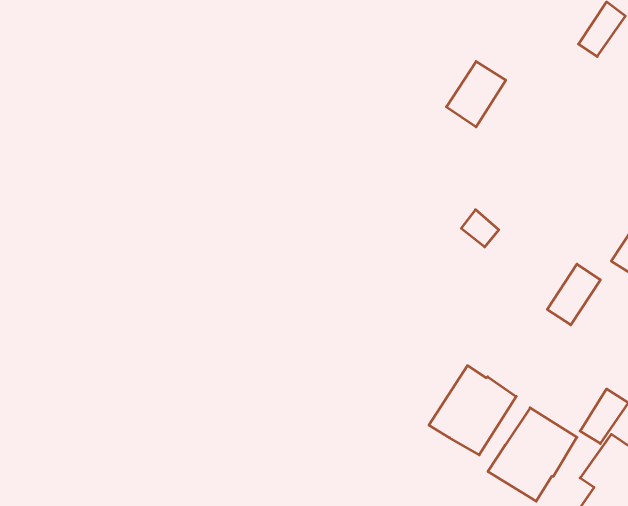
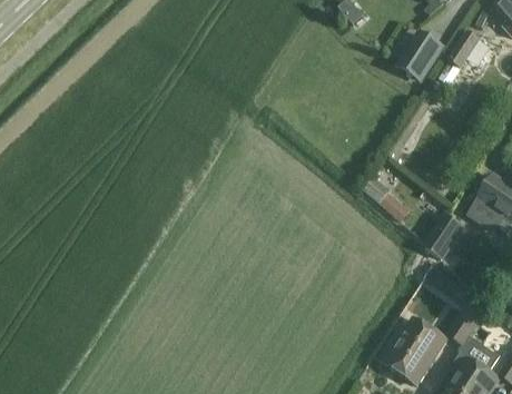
building: [446,61,506,127] -> [398,33,441,80]
building: [429,366,516,455] -> none

